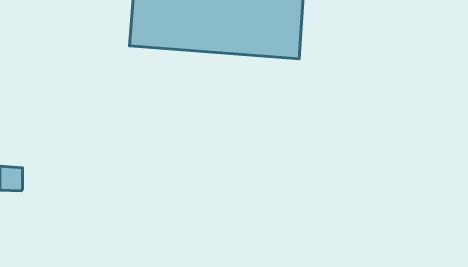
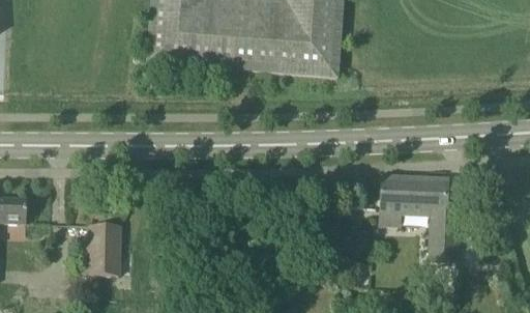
building: none -> [381,177,460,260]
building: none -> [84,224,120,275]

